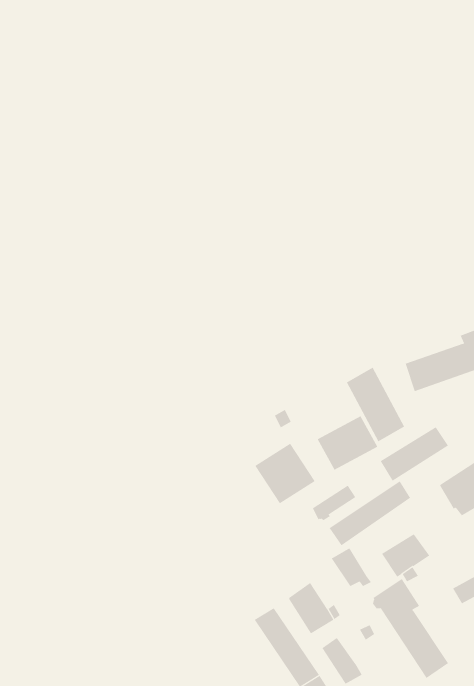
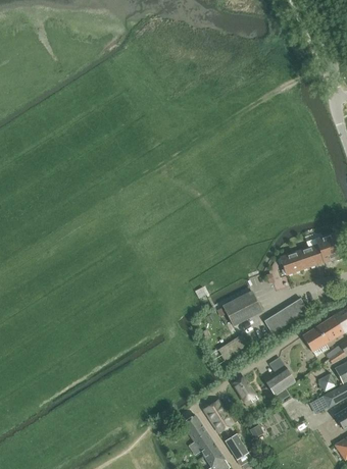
building: [346,367,405,442] -> none
building: [255,443,315,504] -> none
building: [329,481,411,546] -> none
building: [372,578,449,679] -> none

